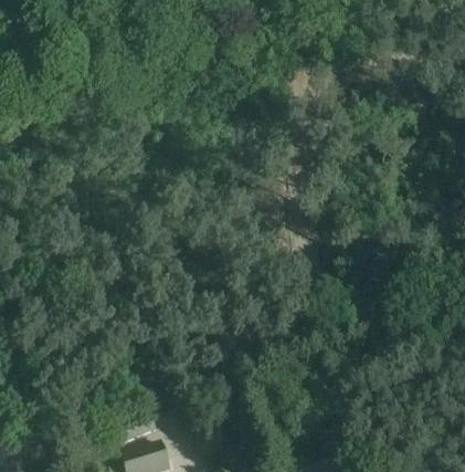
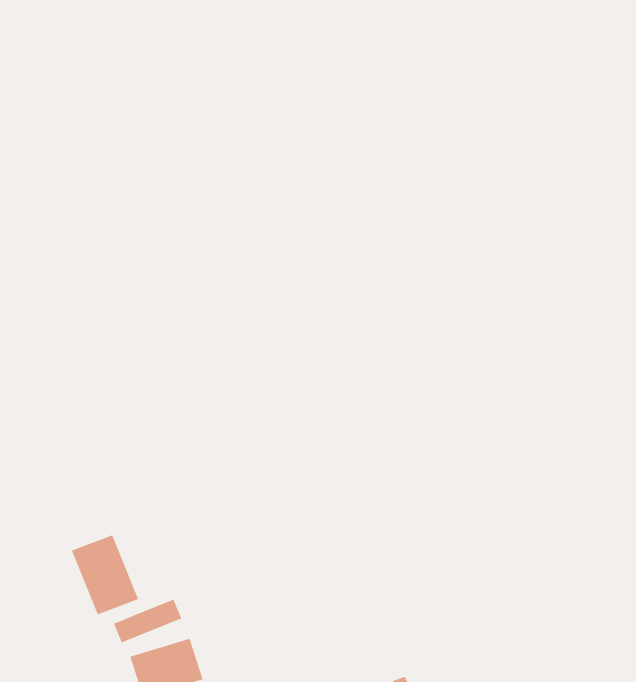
building: none -> [71,535,139,615]

